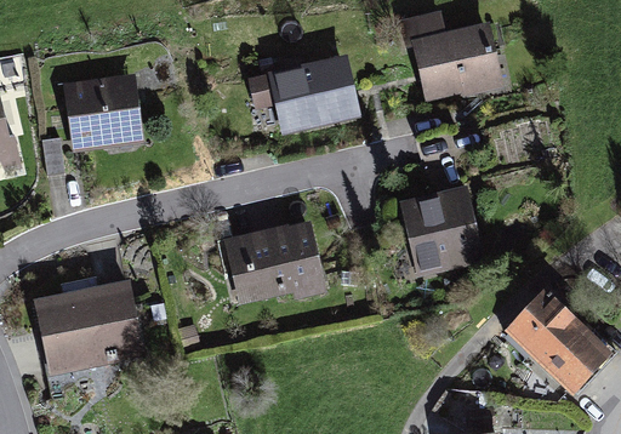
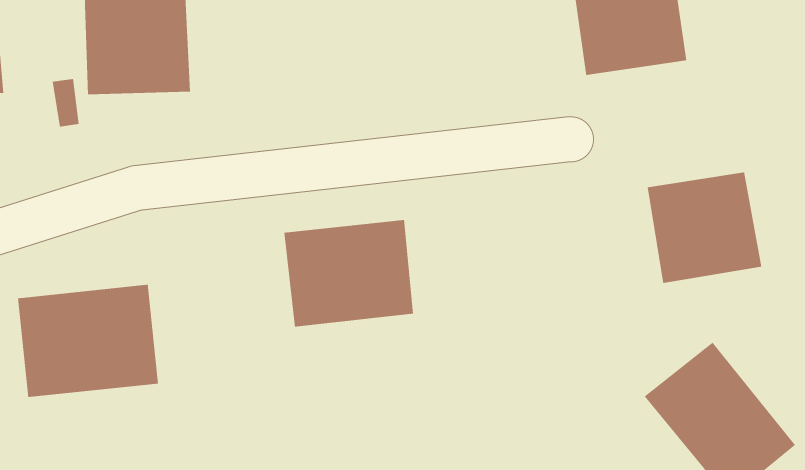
building: [255,59,358,129] -> none
building: [399,184,489,272] -> [647,172,762,284]

